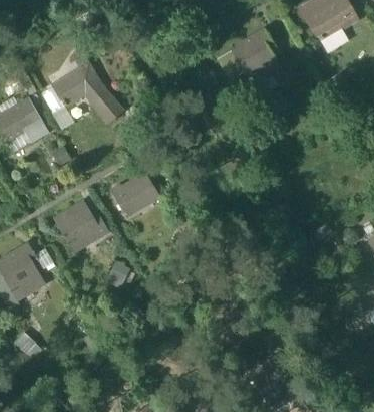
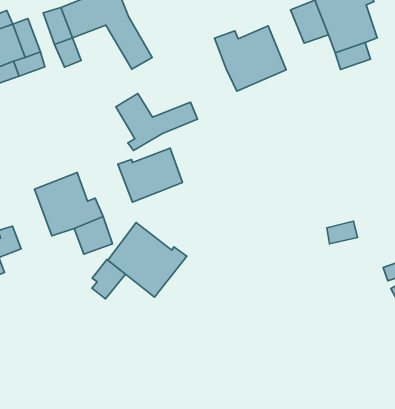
building: none -> [215,26,286,91]
building: none -> [116,93,197,151]
building: none -> [108,222,187,297]

